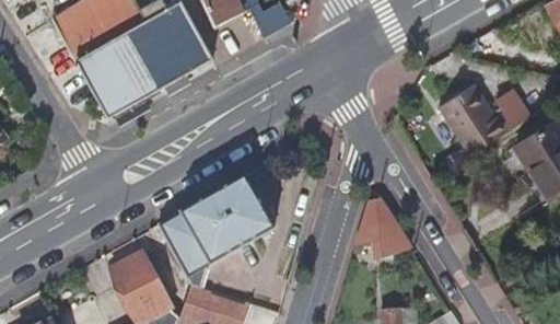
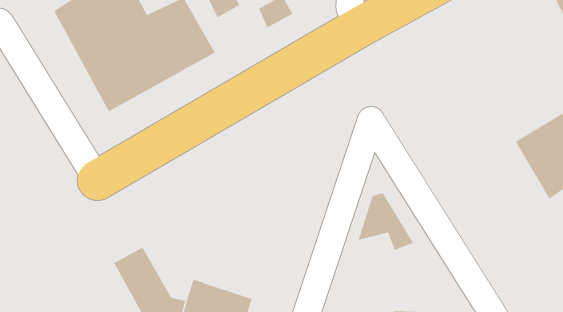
building: [440,81,533,153] -> none
building: [160,177,273,288] -> none

